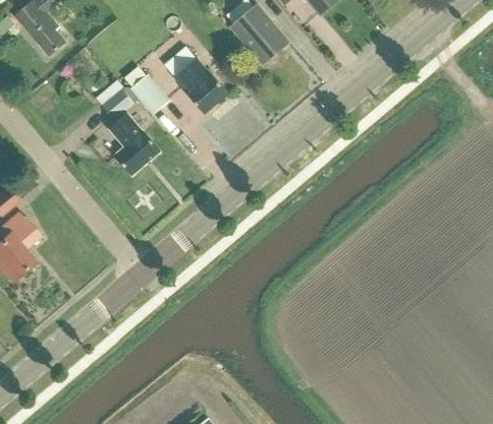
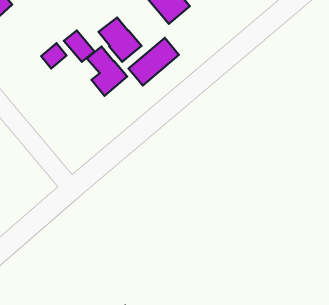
building: none -> [129,38,179,86]
building: [108,113,159,175] -> [87,47,127,96]

